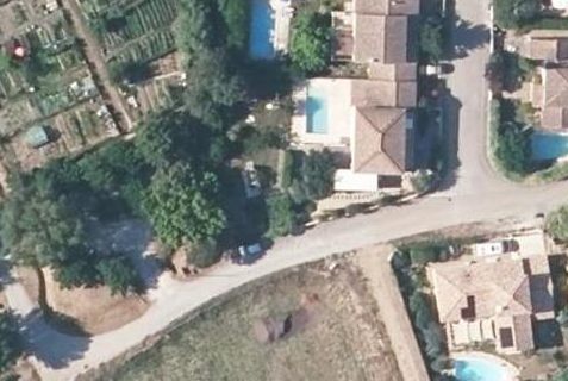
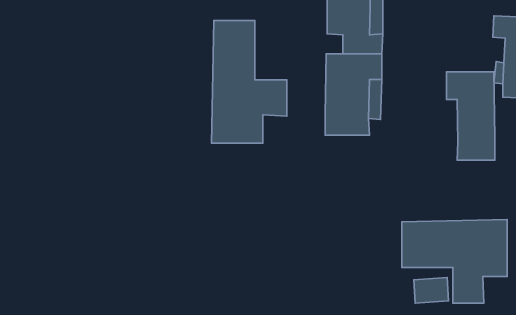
building: none -> [212,21,287,143]
building: none -> [447,72,495,160]

